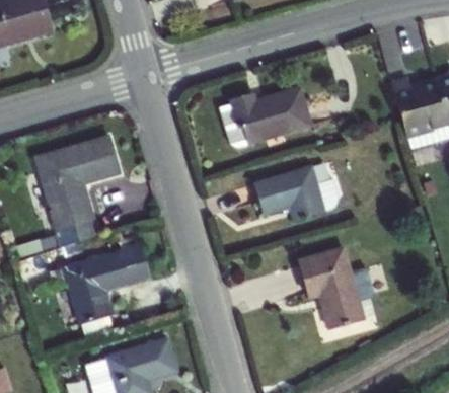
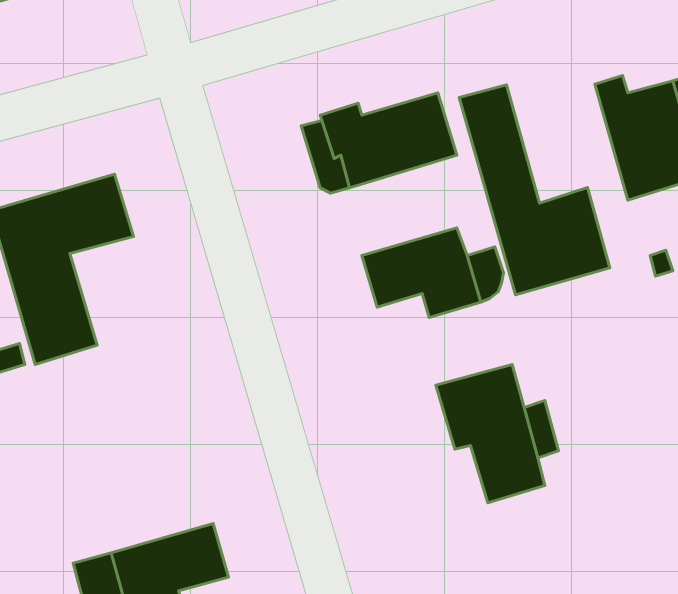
building: none -> [459,85,610,295]
building: [65,246,149,323] -> none

